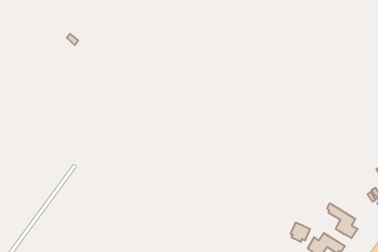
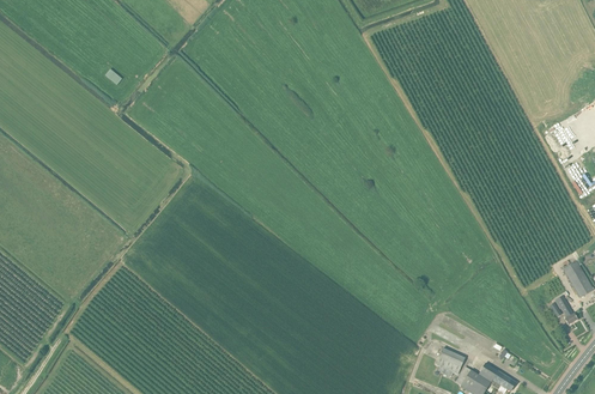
building: [327,203,358,238] -> none

